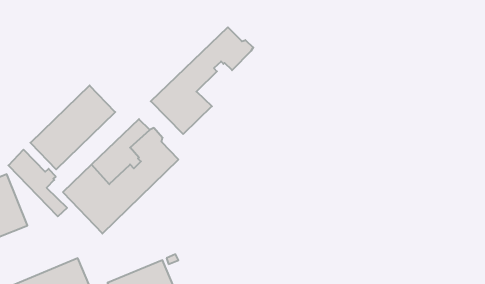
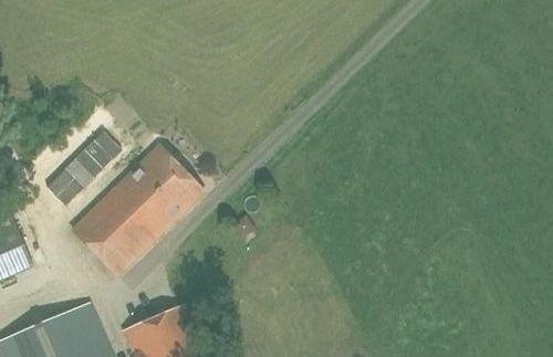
building: [151,27,253,134] -> none
building: [8,150,67,216] -> none

